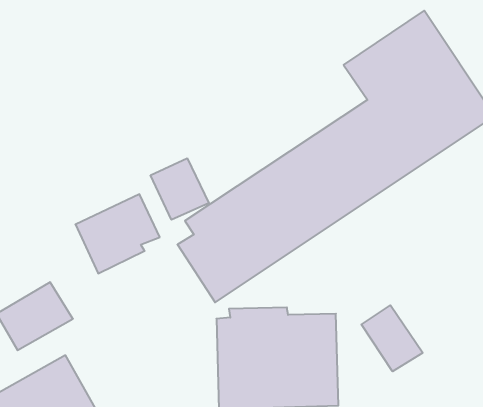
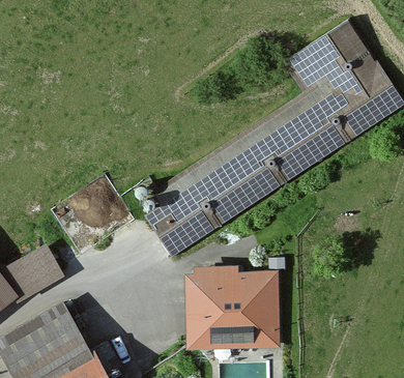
building: [151,158,209,220] -> none
building: [361,305,423,371] -> none

